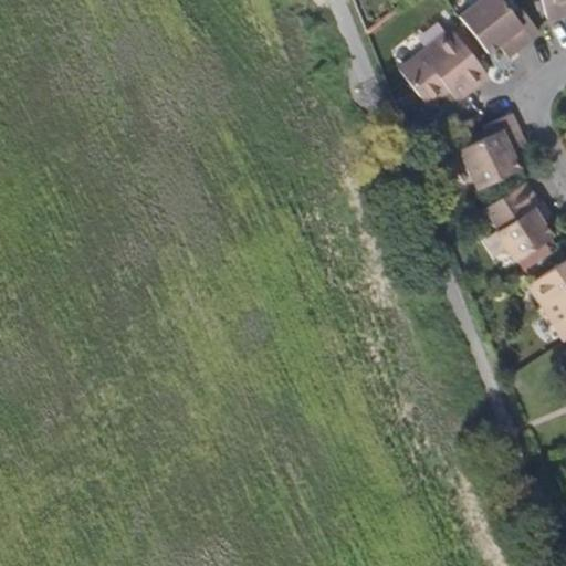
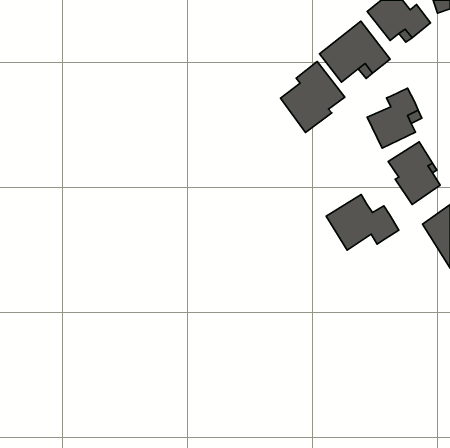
building: none -> [281,62,345,132]
building: none -> [326,194,399,250]

